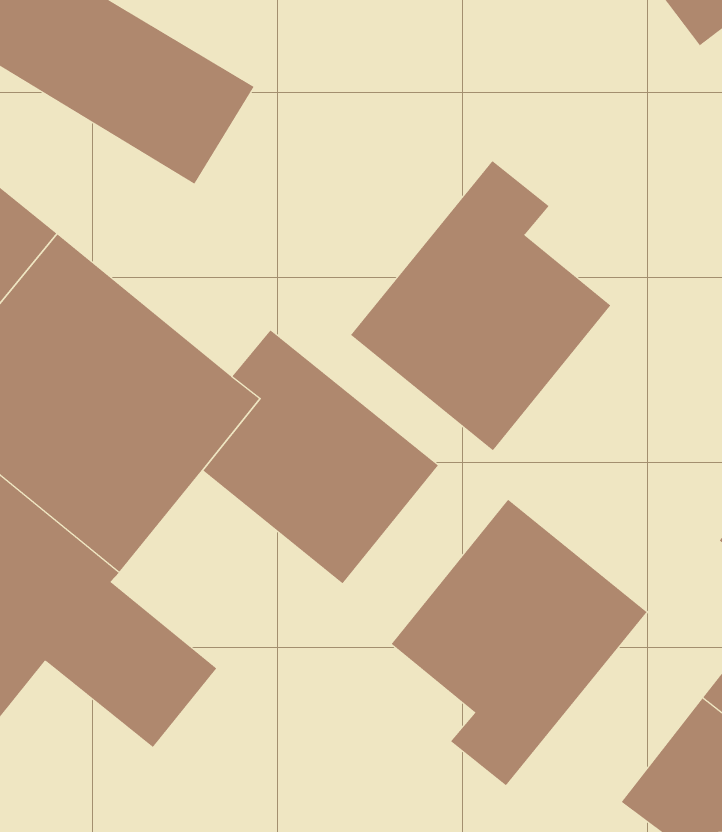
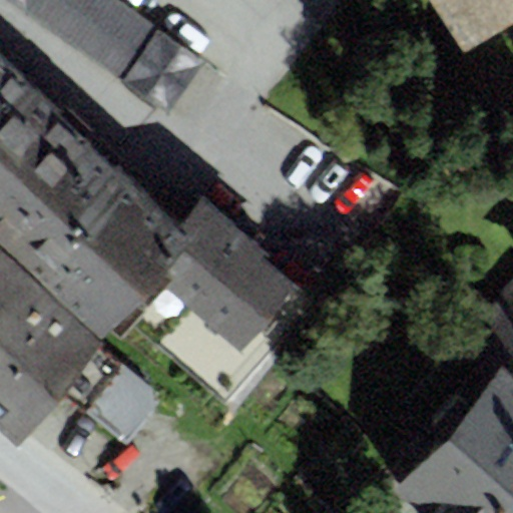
building: [350,160,611,451] -> none
building: [391,499,648,786] -> none

